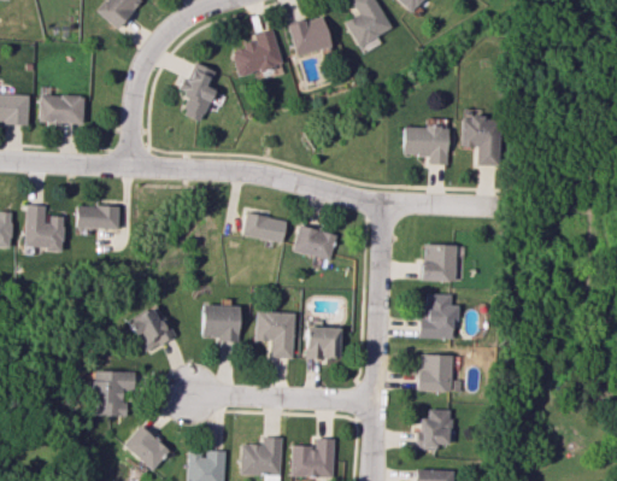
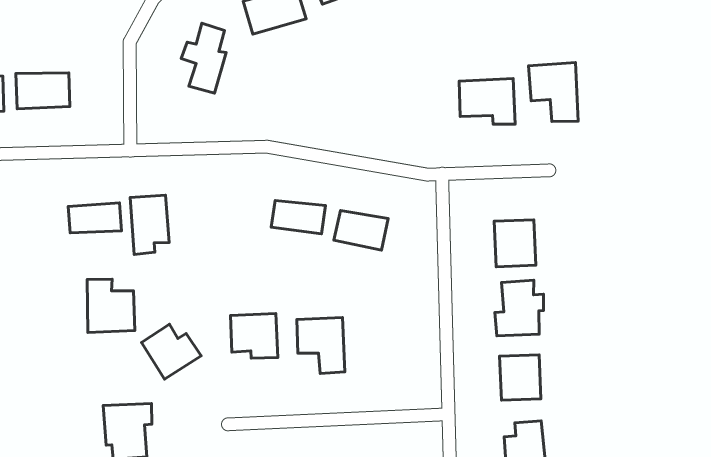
building: none -> [130,195,169,254]
building: [24,205,64,250] -> [87,279,135,332]
building: [306,327,341,359] -> none

